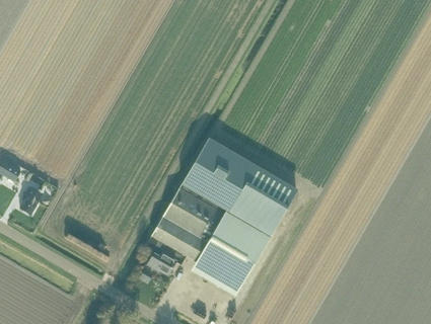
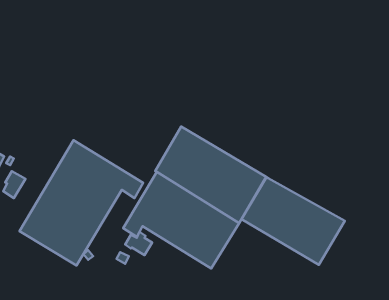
building: none -> [19,140,143,266]
building: none -> [242,177,345,265]

